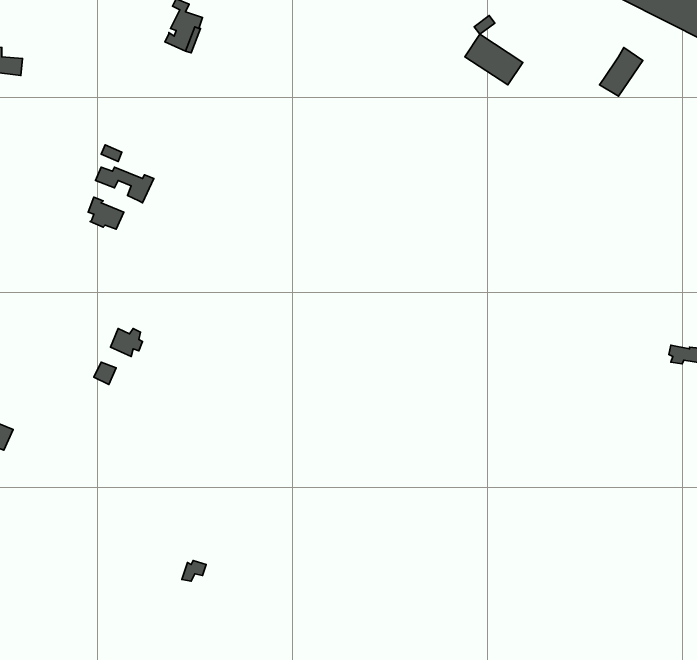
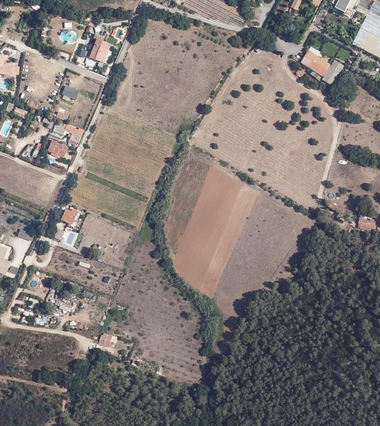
building: [465,34,523,85] -> [301,48,332,75]

